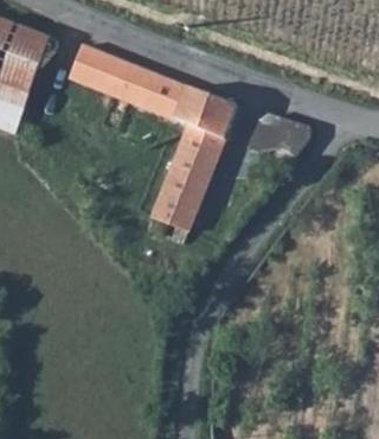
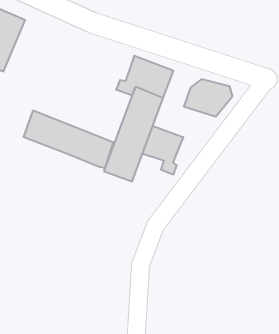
building: [72,44,186,116] -> [23,111,114,168]
building: none -> [142,126,183,175]

